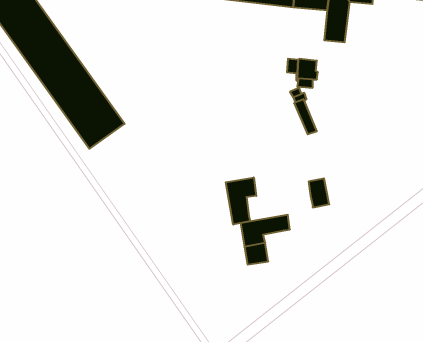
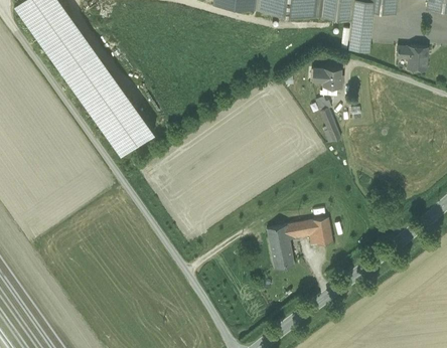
building: none -> [397,48,427,72]
building: [226,177,256,225] -> none
building: [309,178,329,207] -> [313,219,333,247]

